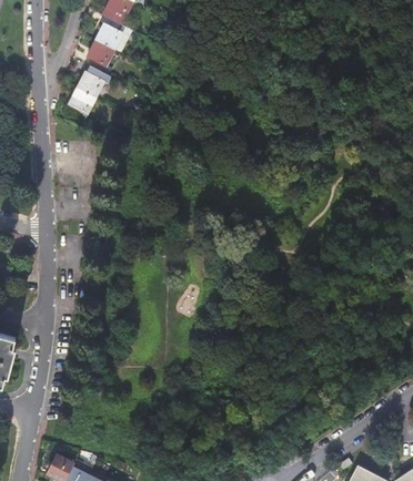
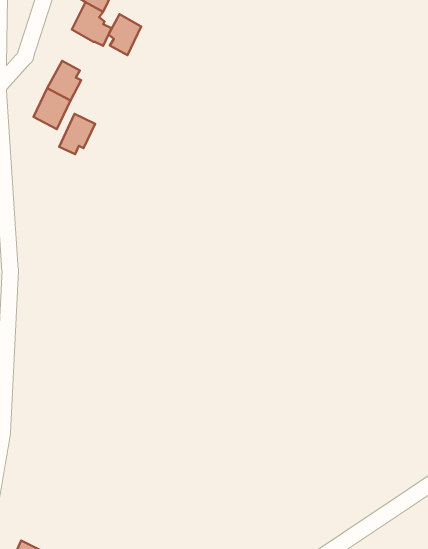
building: [88,39,114,72] -> [108,14,141,55]
building: none -> [59,114,95,154]

